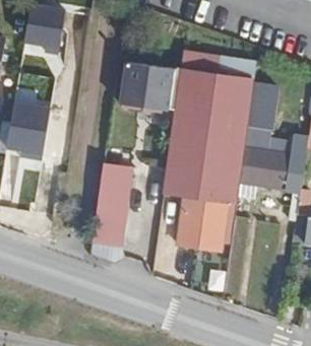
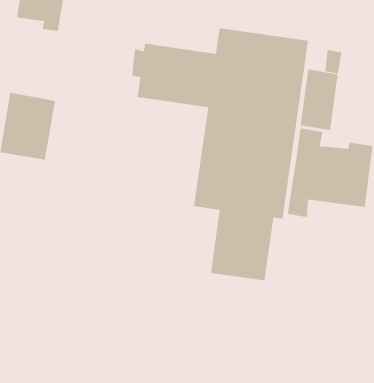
building: [91,161,132,263] -> none

